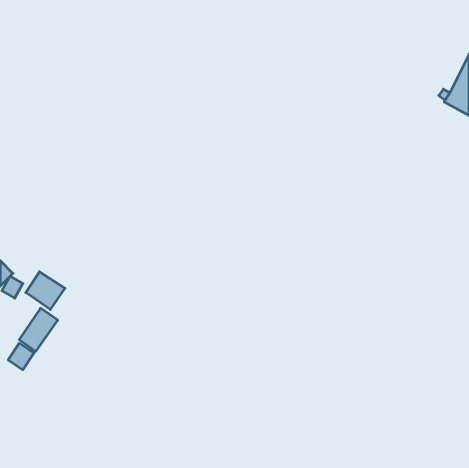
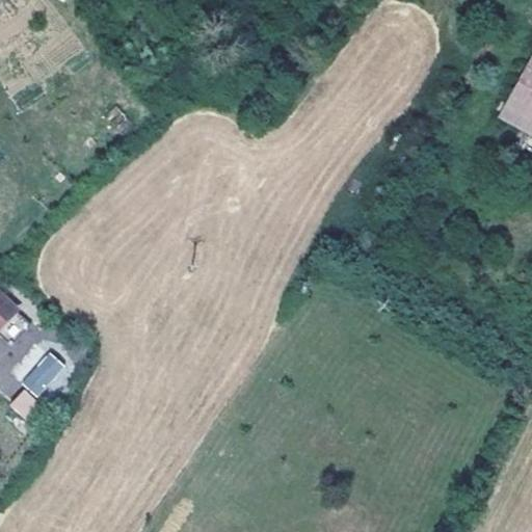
building: [26,272,65,310] -> none

